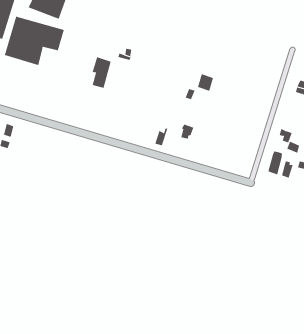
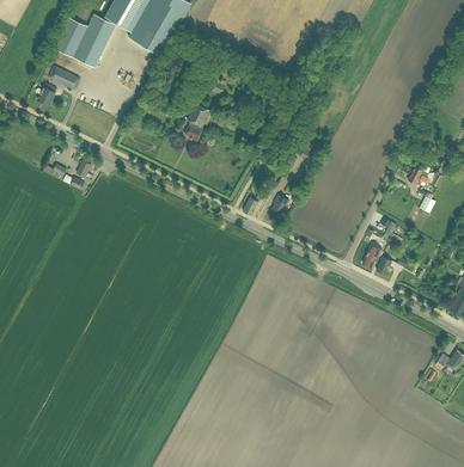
building: [4,16,64,66] -> none

